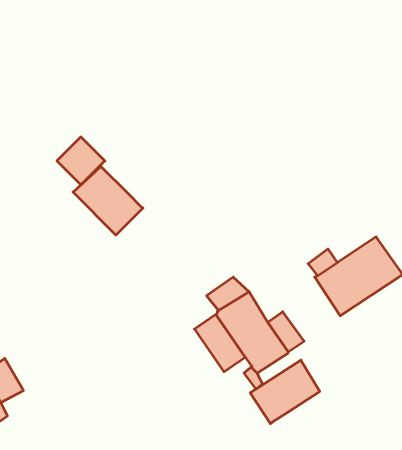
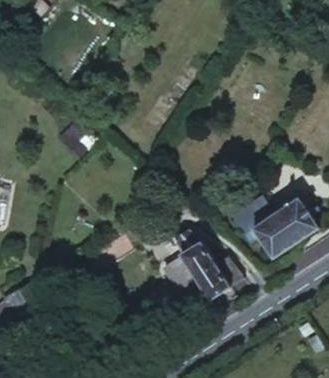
building: [73,166,143,235] -> none
building: [250,360,320,424] -> none

